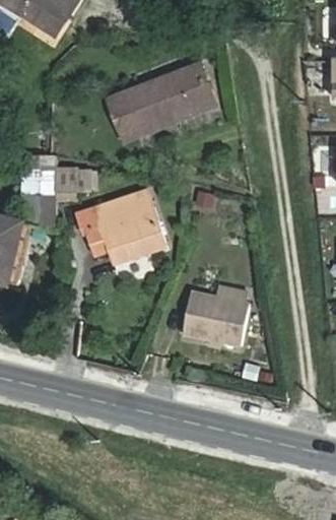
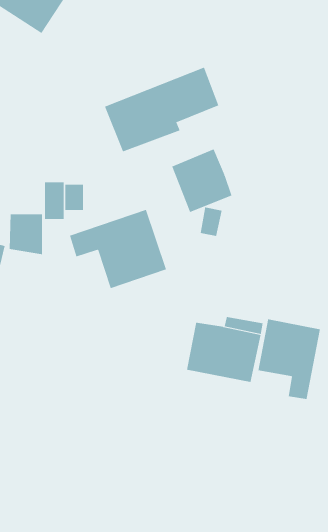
building: none -> [171,149,232,213]
building: none -> [258,319,320,400]

